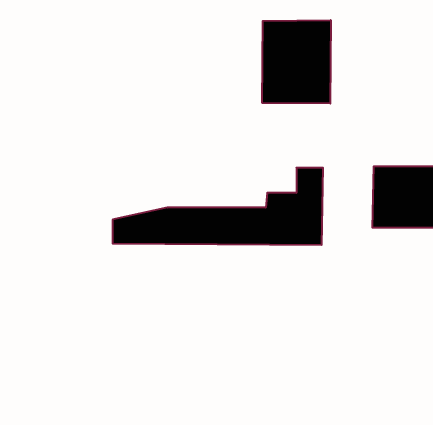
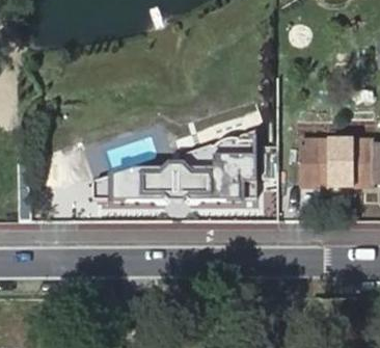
building: [262,20,331,104] -> none

